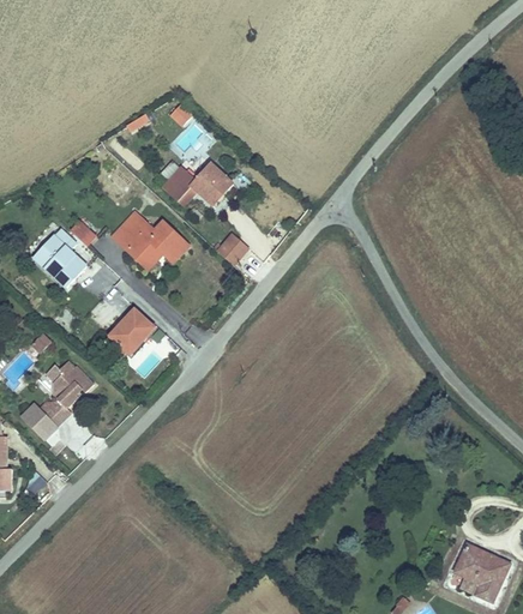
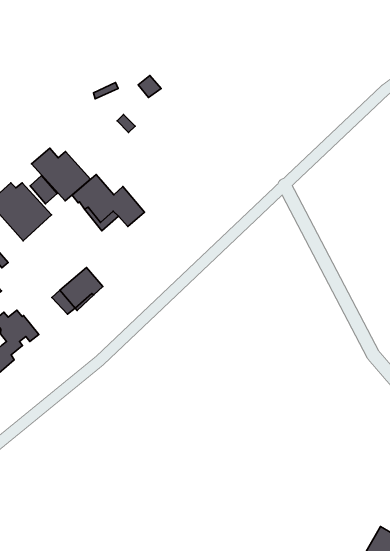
building: [163,163,234,206] -> none
building: none -> [32,148,90,201]
building: [215,233,250,267] -> none

